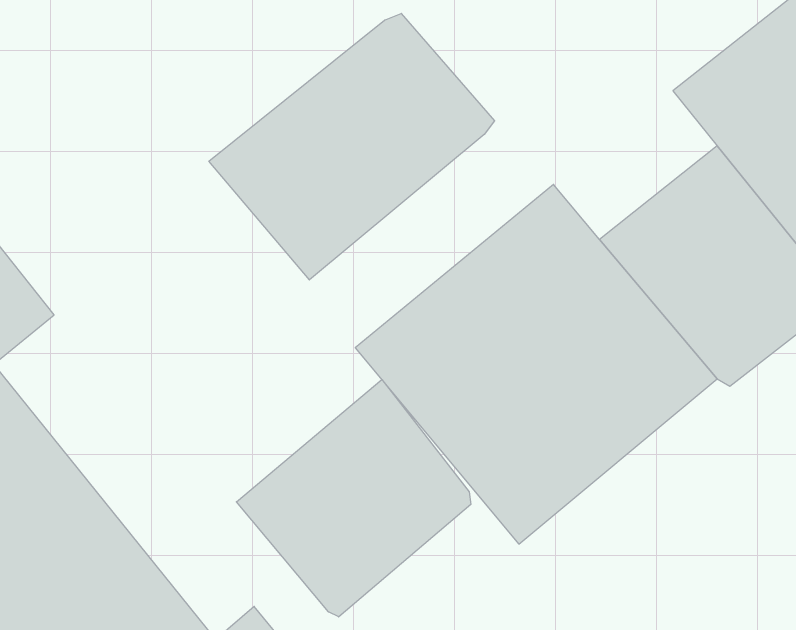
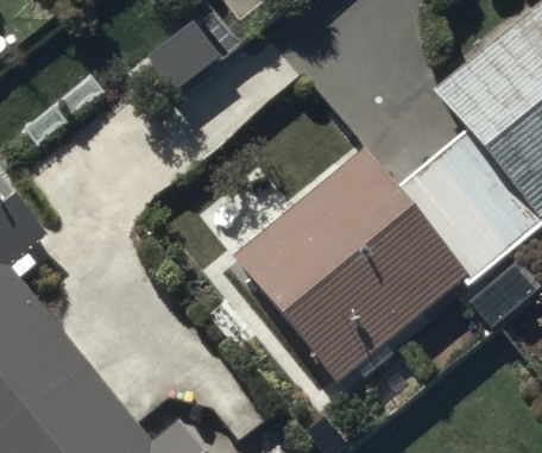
building: [209,13,495,280] -> none
building: [236,380,471,617] -> none

